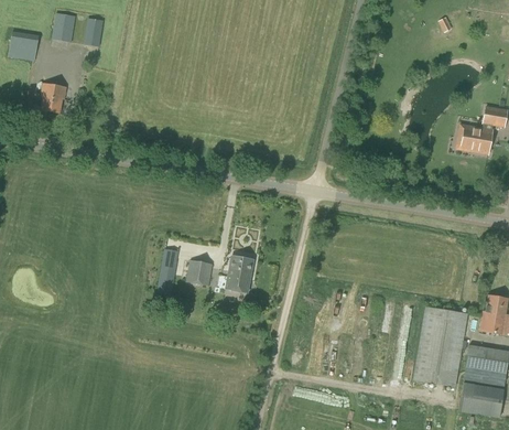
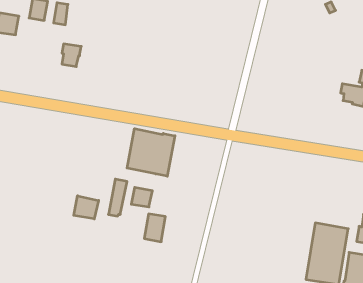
building: [41,84,66,114] -> [62,44,81,67]
building: none -> [127,129,175,176]
building: [226,257,253,293] -> [144,214,165,242]
building: none -> [74,196,99,219]

